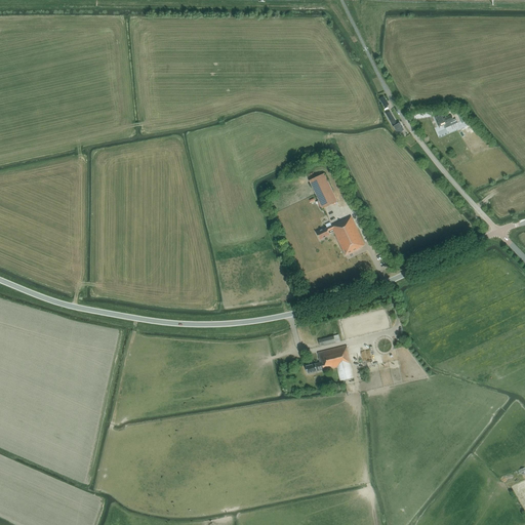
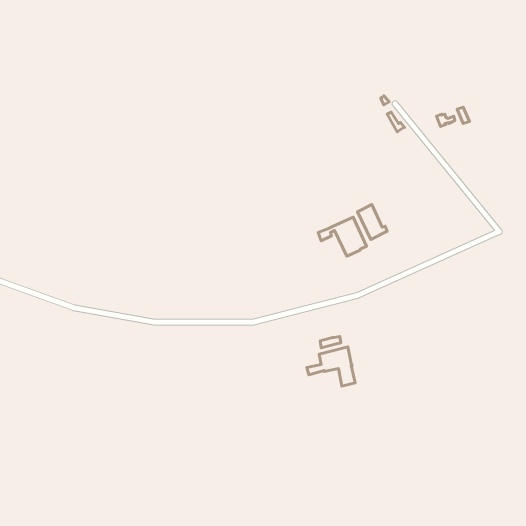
building: [310,173,339,208] -> [357,205,387,240]

